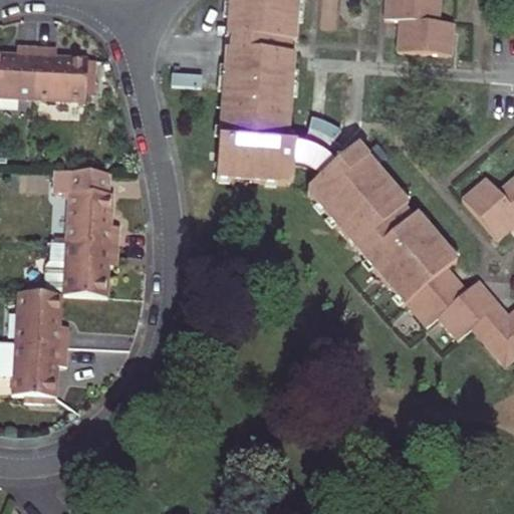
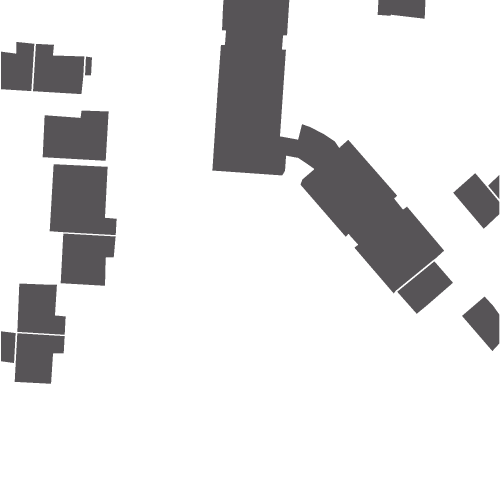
building: [399,16,452,52] -> none
building: none -> [42,110,110,161]
building: [440,280,497,336] -> none

